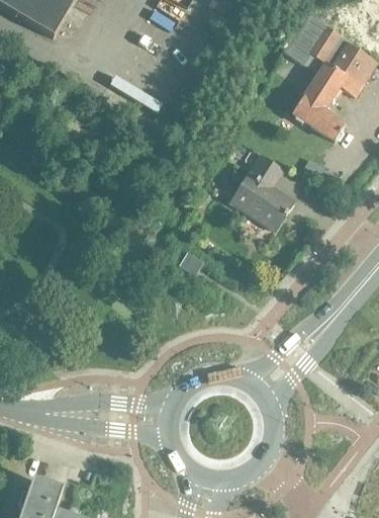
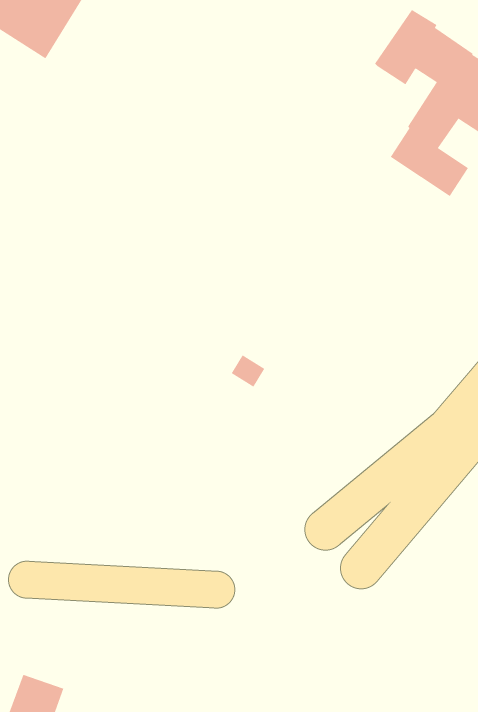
building: [228,155,293,230] -> none

